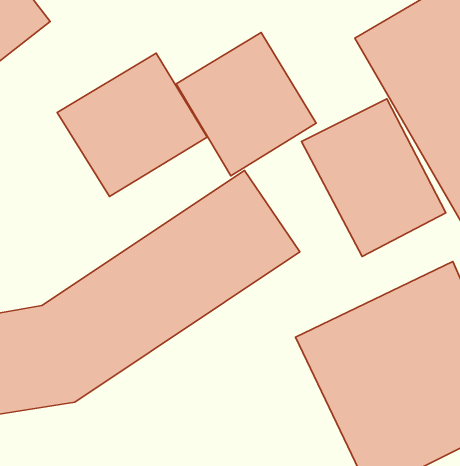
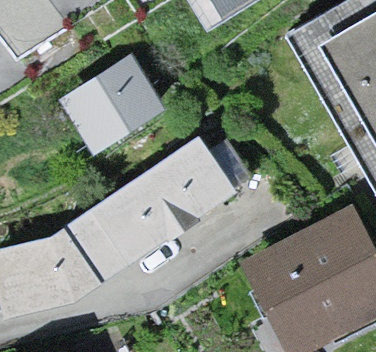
building: [176,32,316,176] -> none
building: [302,99,446,256] -> none

